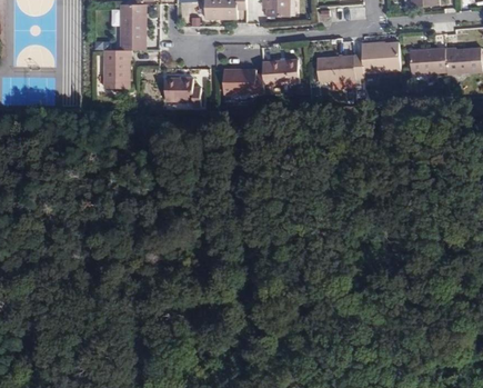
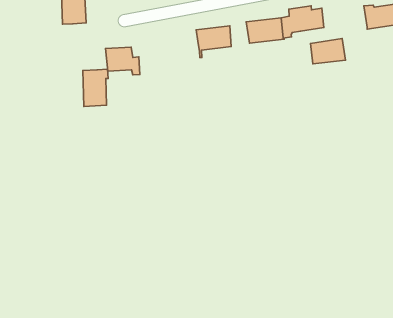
building: [410,48,446,73] -> [311,39,346,64]
building: [102,49,130,88] -> [83,69,108,107]
building: [222,64,264,89] -> none

